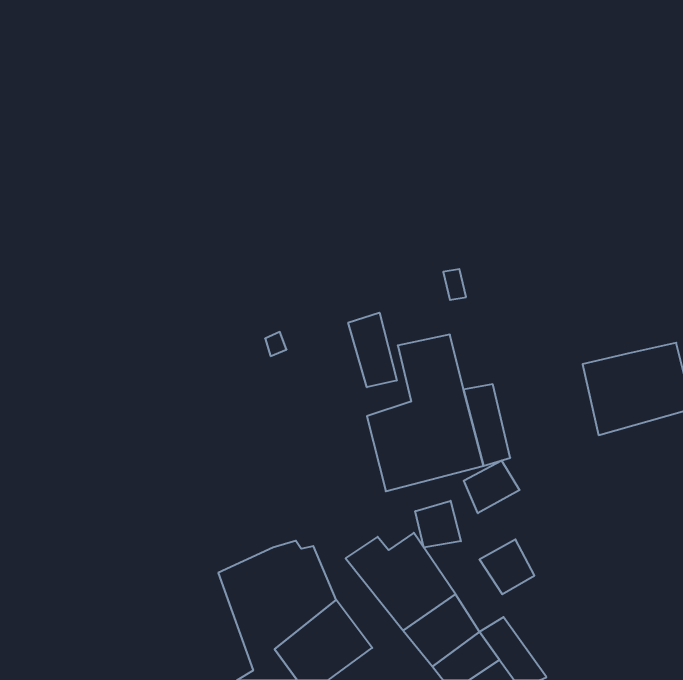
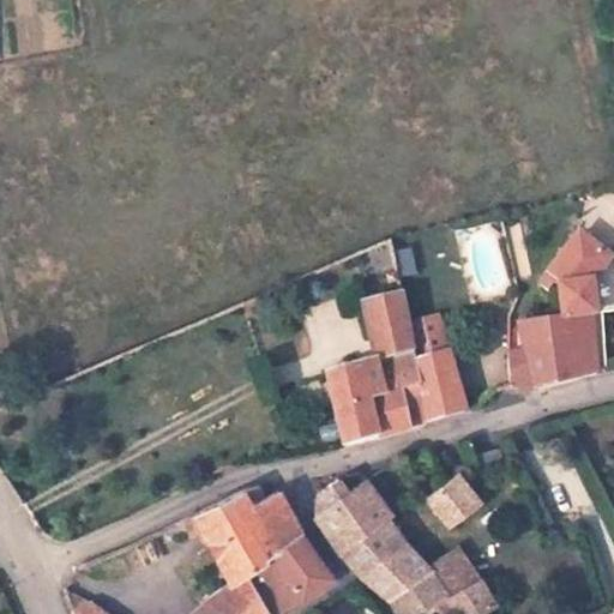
building: none -> [542,230,604,317]
building: [348,313,397,387] -> none
building: [464,460,520,513] -> none
building: [415,501,461,548] -> none

